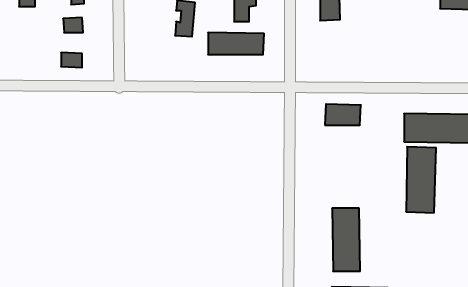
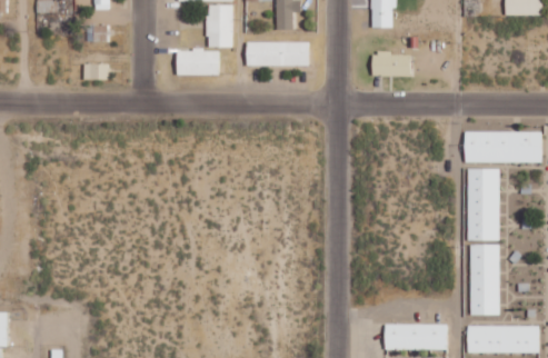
building: none -> [177,50,211,74]
building: [325,104,361,125] -> [370,52,410,76]
building: [332,208,360,271] -> [469,245,500,315]

